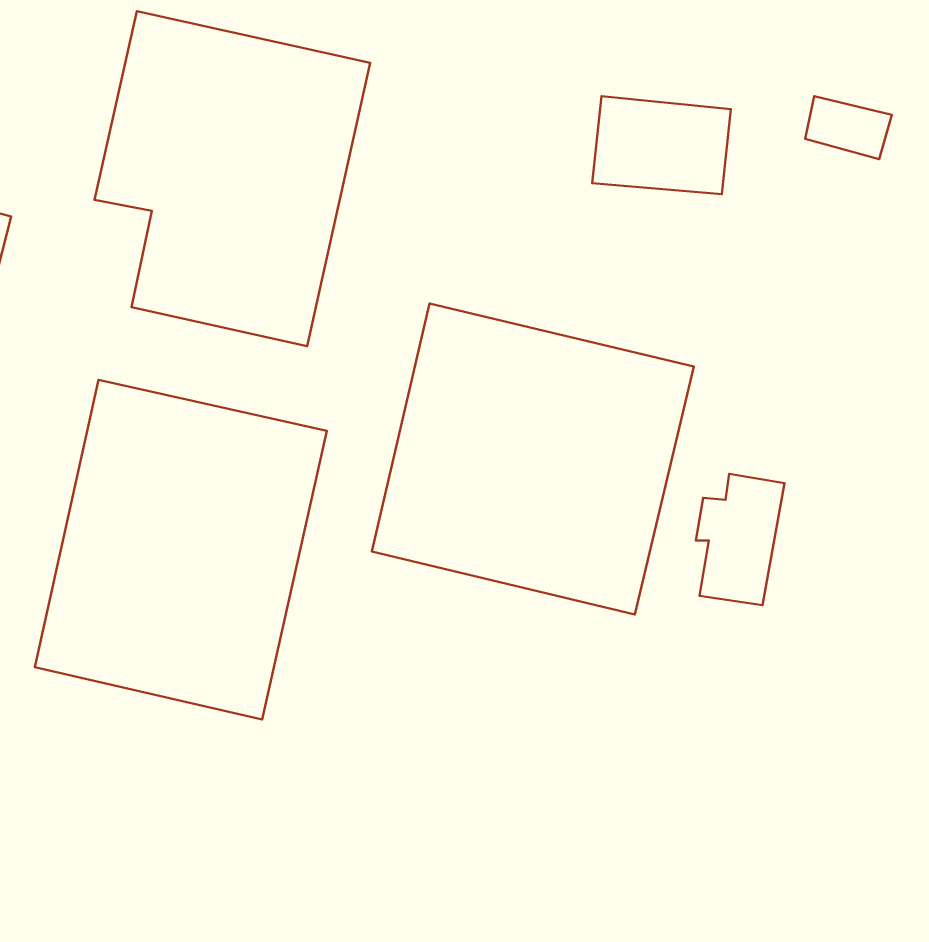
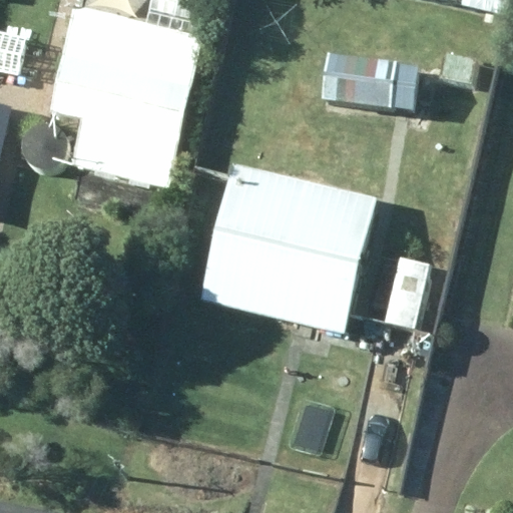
building: [35,380,327,720] -> none

